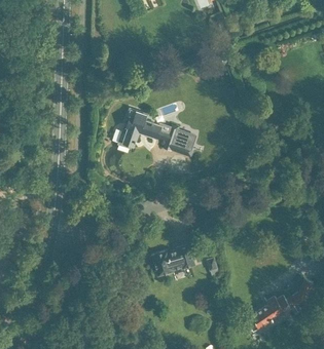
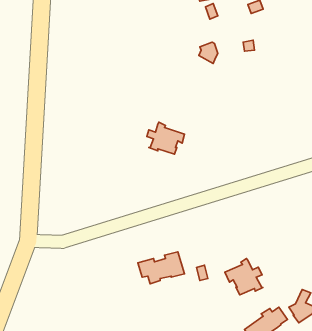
building: [124,116,161,146] -> none
building: none -> [225,258,263,295]

